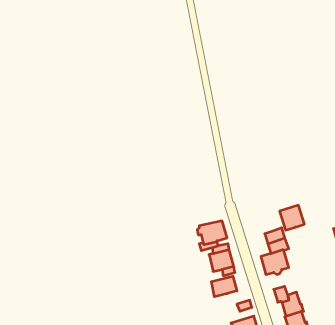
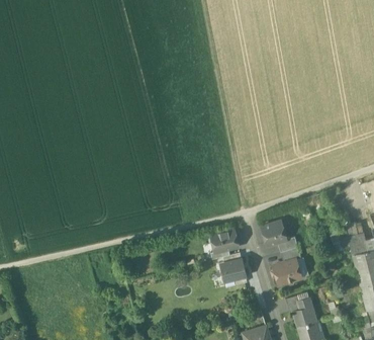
building: [280,205,304,230] -> [261,220,286,245]
building: [211,276,237,297] -> none

